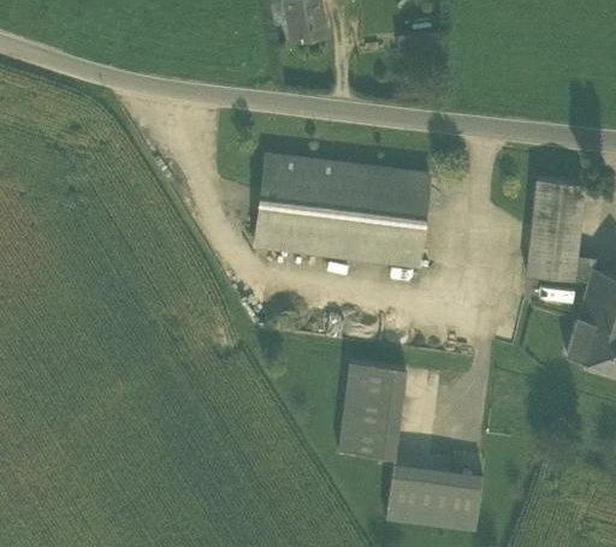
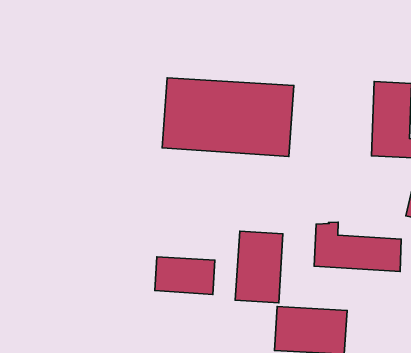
building: none -> [314,222,401,272]
building: none -> [155,257,215,295]

